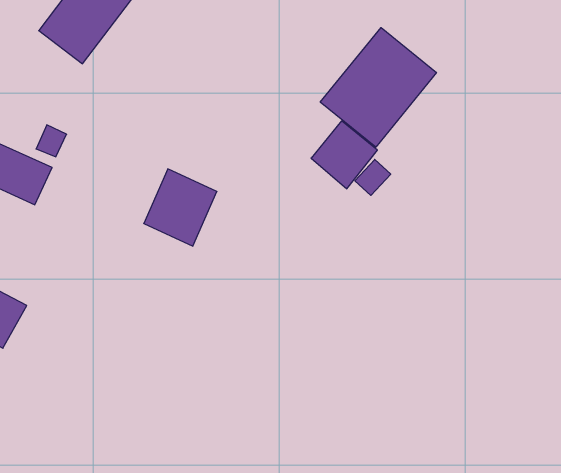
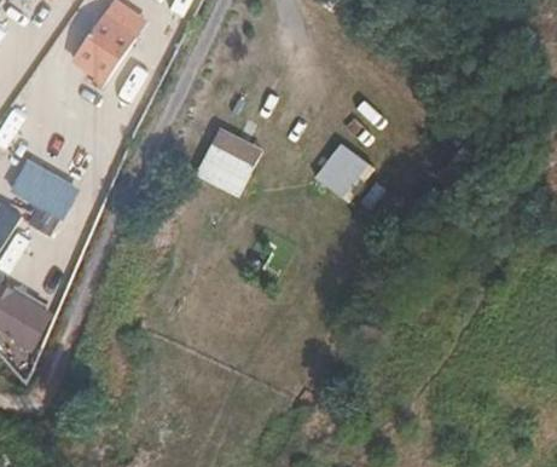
building: [320,28,436,147] -> none
building: [144,169,217,246] -> [195,126,261,196]

